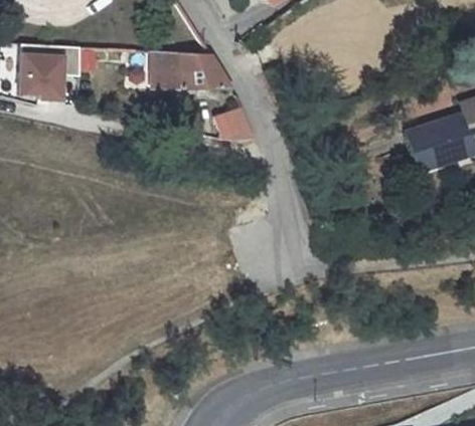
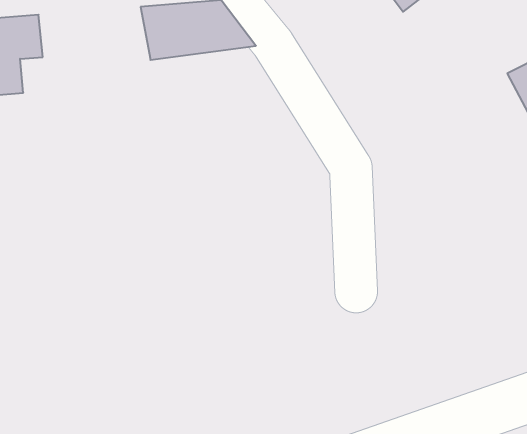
building: [217,104,254,141] -> none

